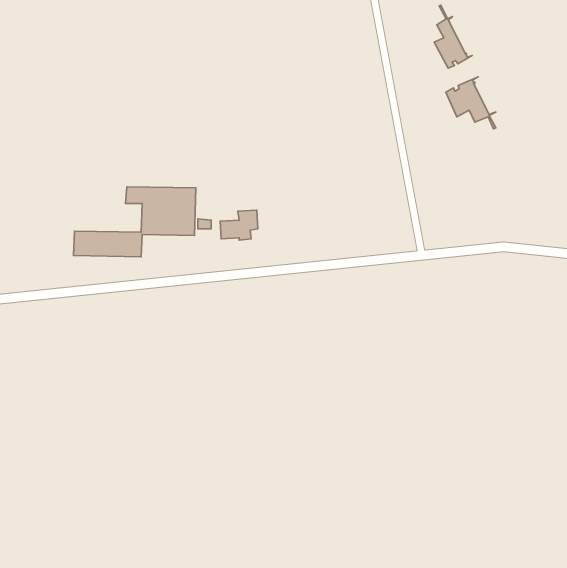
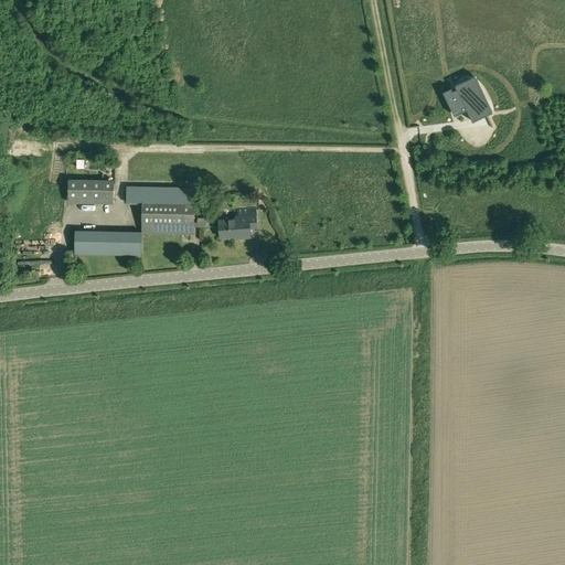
building: [434,5,472,68] -> none
building: none -> [67,183,114,204]

